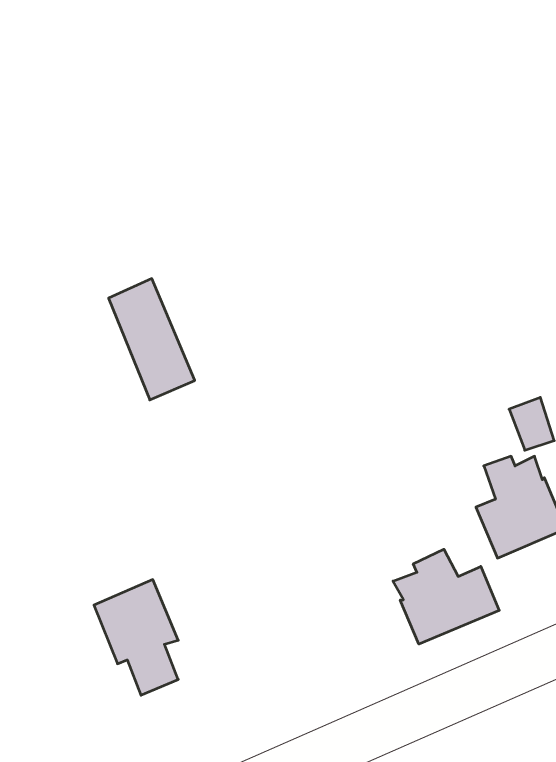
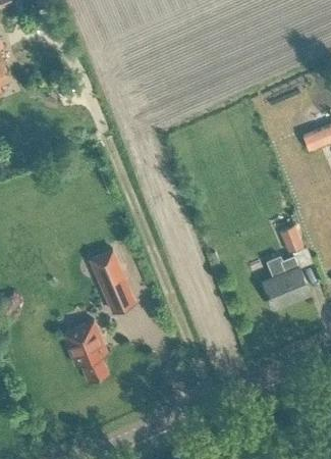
building: [109,279,195,400] -> [92,250,136,313]
building: [393,549,499,644] -> none

